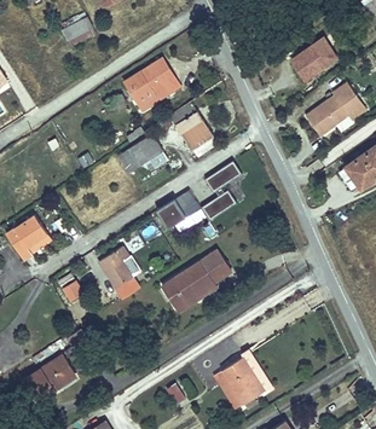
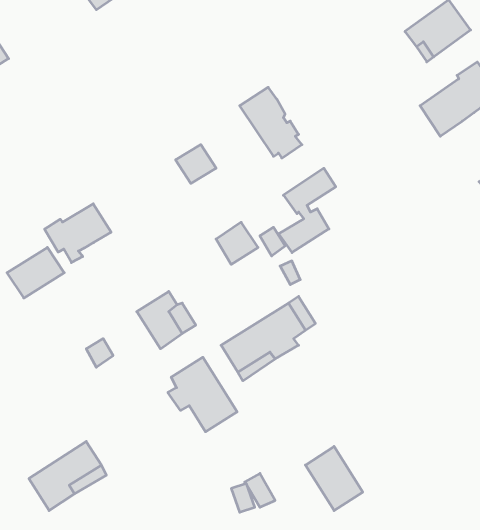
building: [123,58,179,100] -> none
building: none -> [45,204,111,263]
building: none -> [168,357,237,432]

